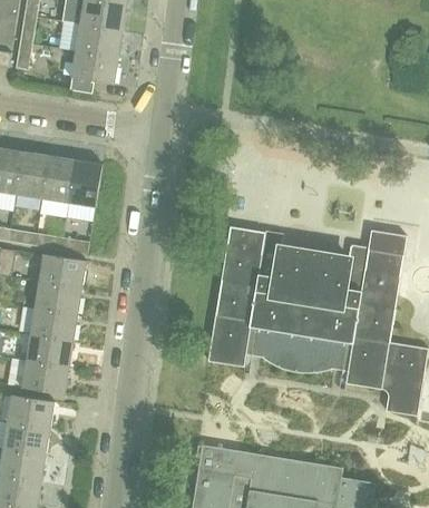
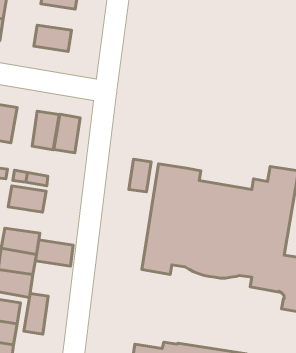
building: [75,25,123,58] -> none
building: [41,156,75,205] -> [54,114,80,153]
building: none -> [129,159,151,192]
building: [33,282,81,315] -> [35,240,73,266]
building: none -> [24,294,48,334]

